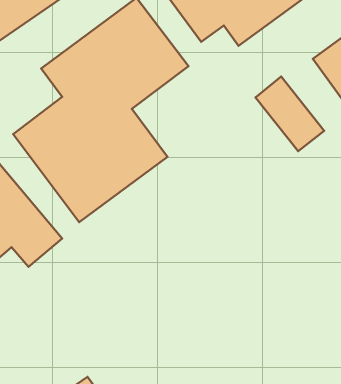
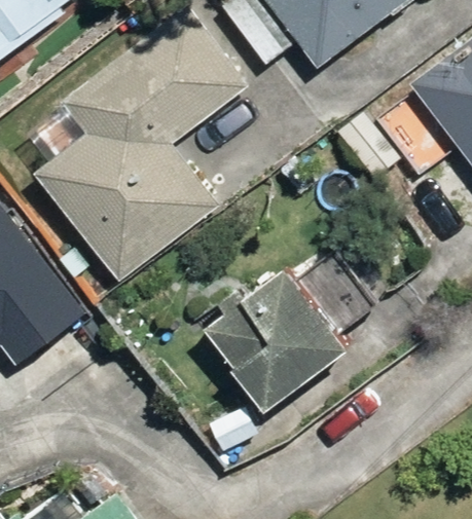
building: none -> [196,242,388,417]

